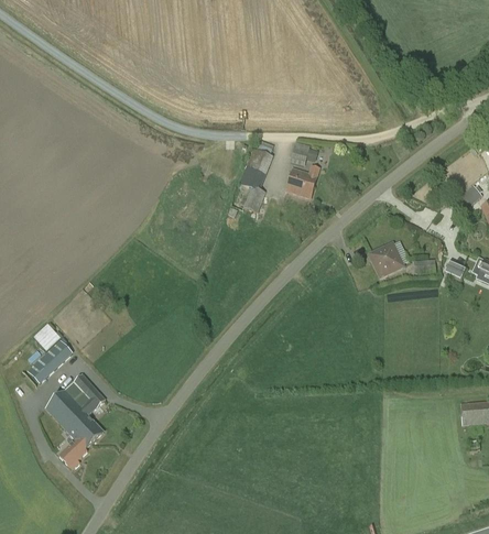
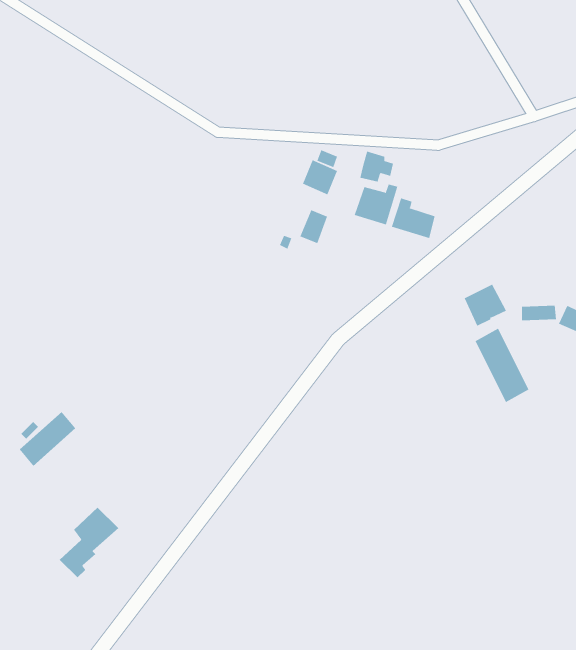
building: none -> [391,197,435,239]
building: none -> [475,328,529,403]
building: [45,373,104,432] -> none

